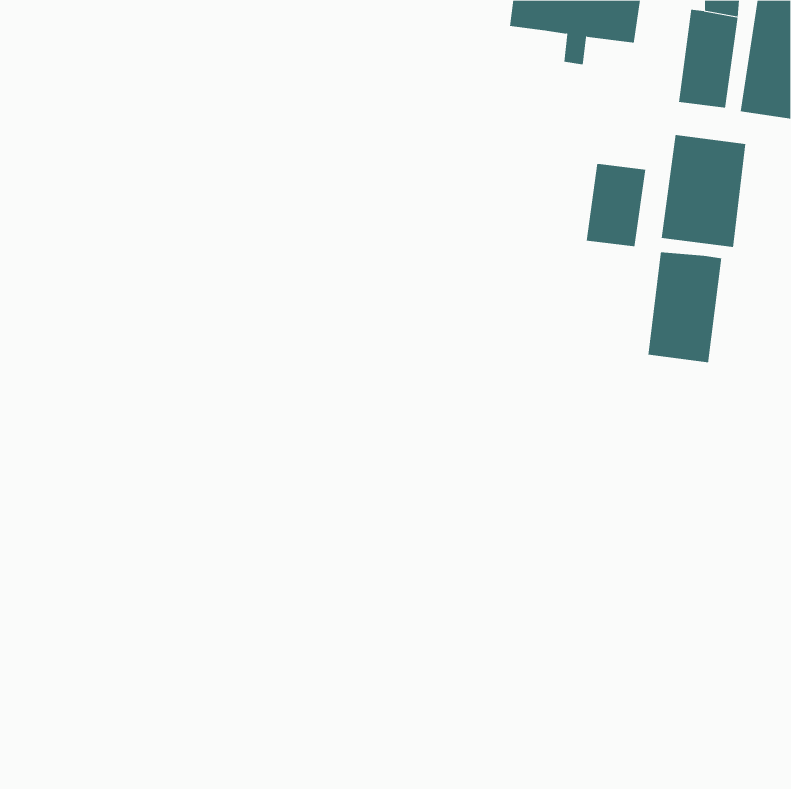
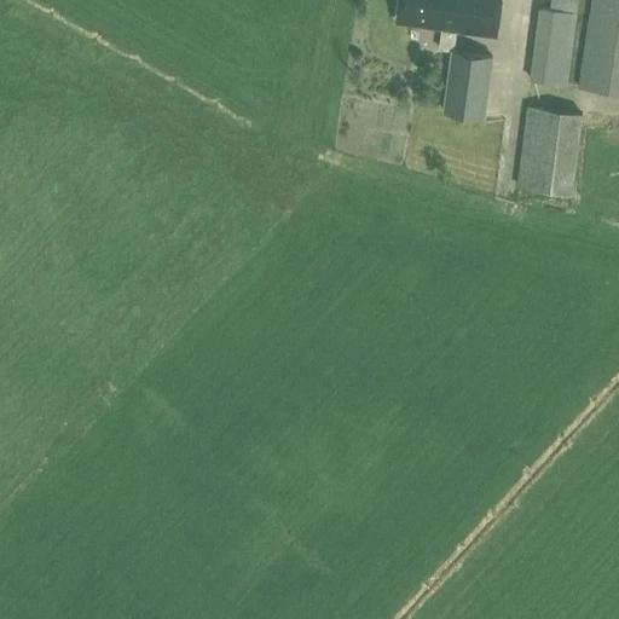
building: [586,163,646,247] -> [446,52,493,117]
building: [648,252,722,363] -> none

